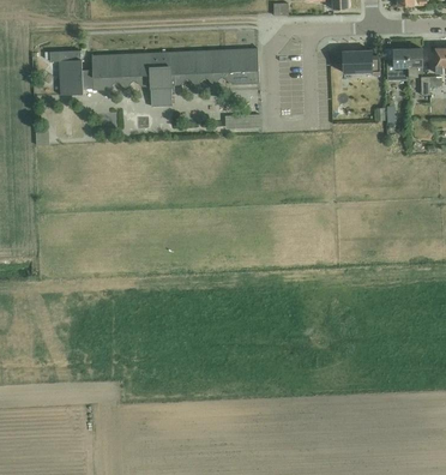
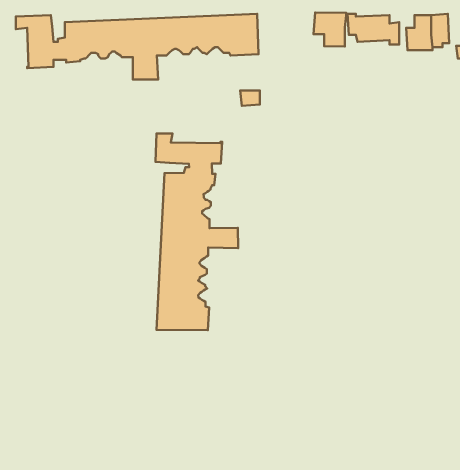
building: none -> [314,13,346,46]
building: none -> [155,133,238,330]

